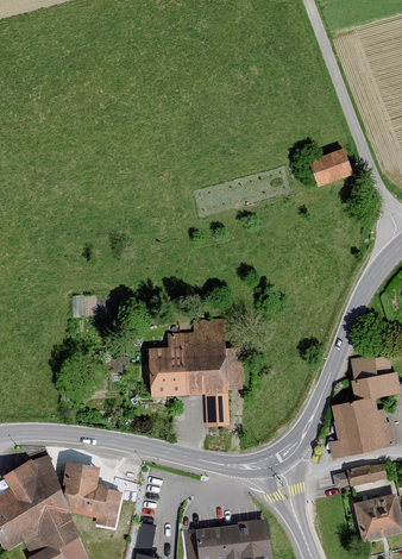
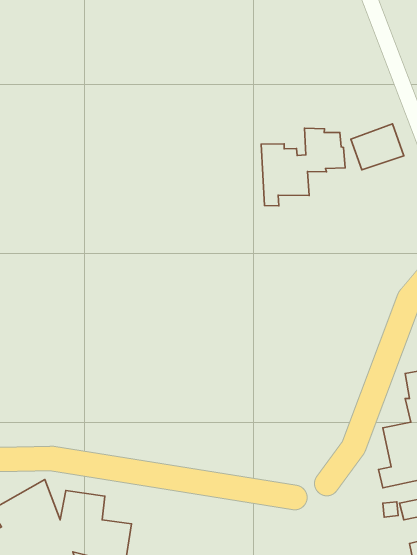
building: none -> [261,128,345,206]
building: [151,329,240,422] -> none

